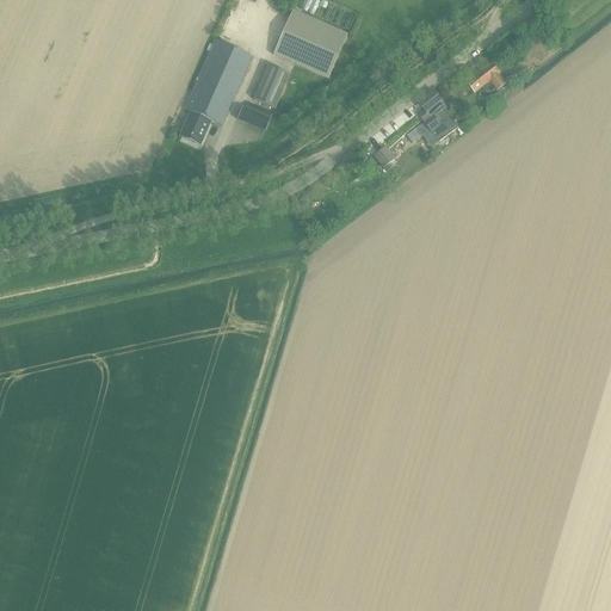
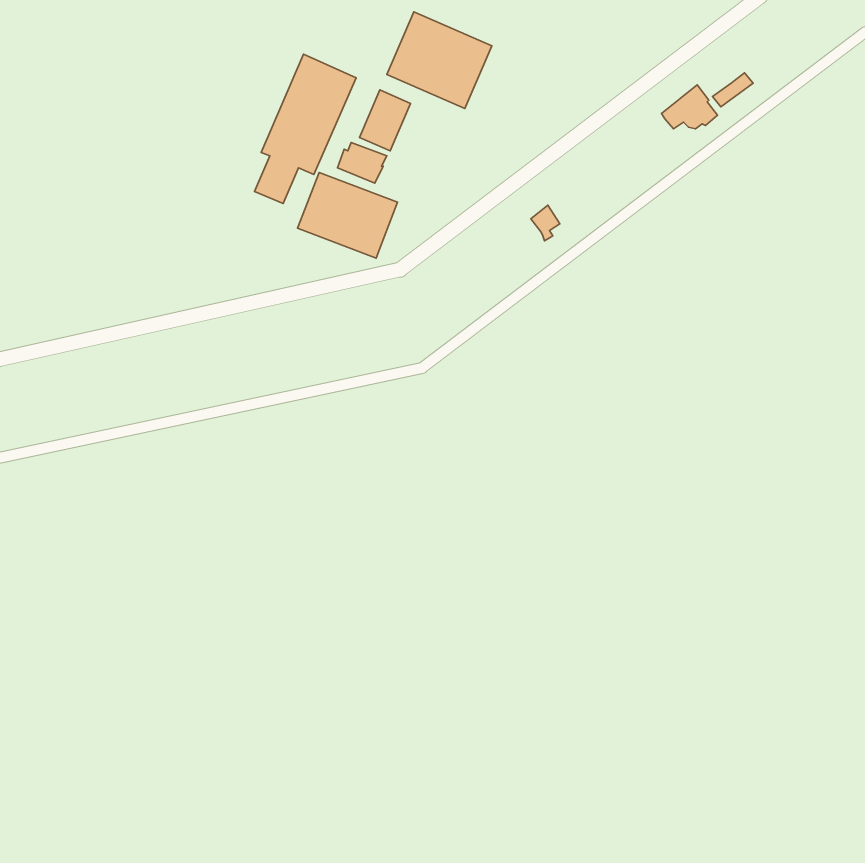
building: [416,90,458,140] -> none
building: none -> [298,172,397,258]

